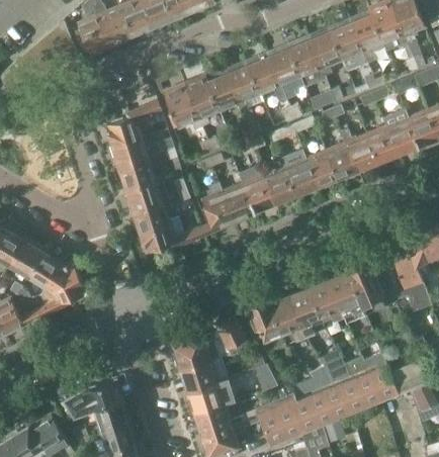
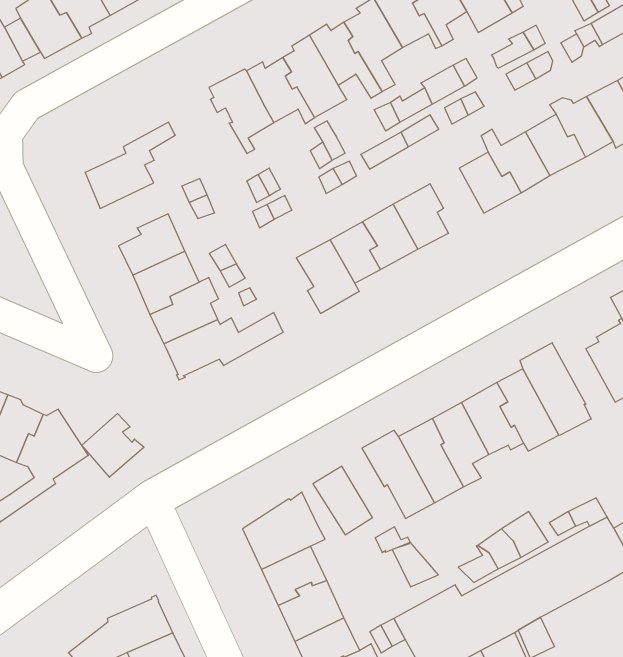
building: [164,84,202,126] -> none
building: [112,135,161,170] -> none
building: [308,150,337,187] -> none
building: [201,182,234,232] -> none
building: none -> [82,414,144,477]

